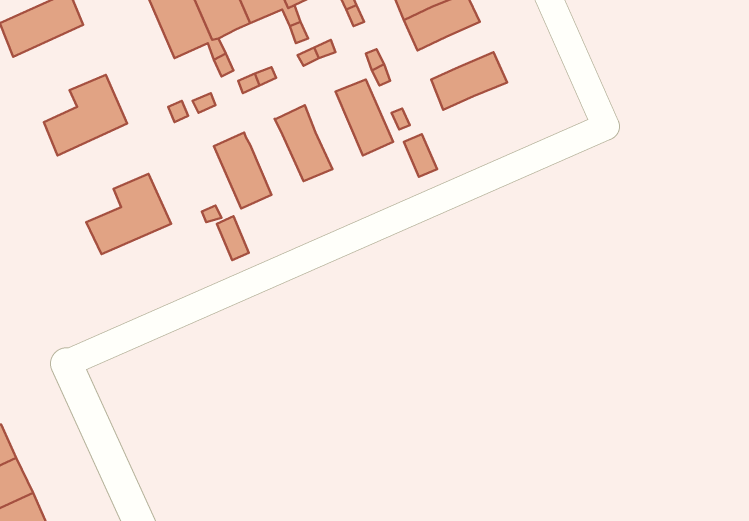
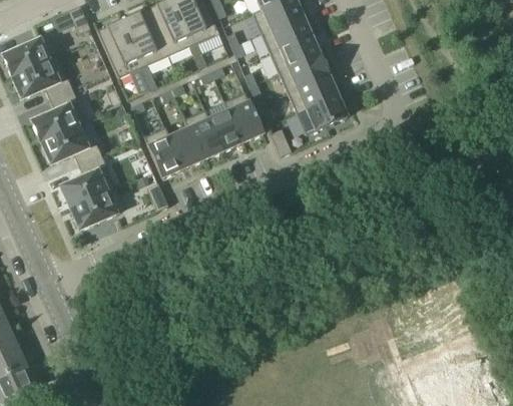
building: none -> [279,53,329,91]
building: none -> [12,55,73,98]
building: none -> [296,93,347,133]
building: none -> [204,99,242,150]
building: none -> [164,117,203,167]
building: none -> [41,120,101,163]
building: none -> [70,186,117,229]

